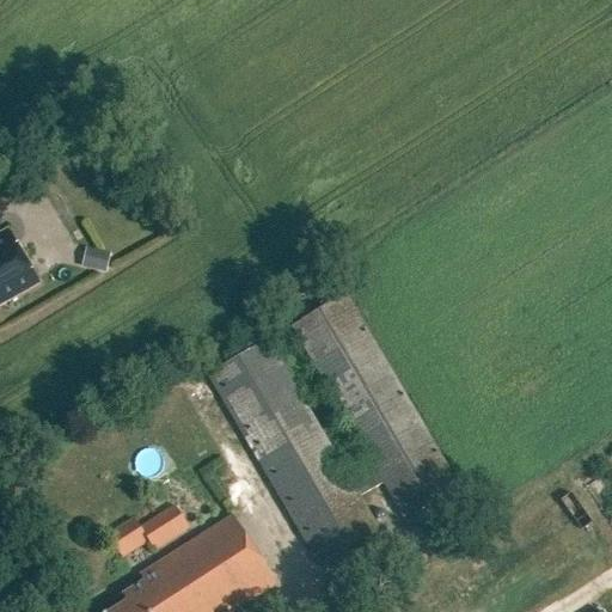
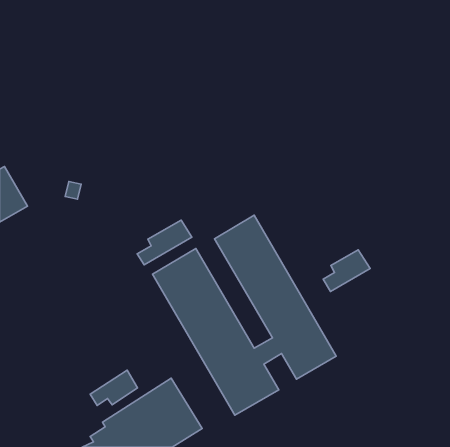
building: none -> [137,220,192,265]
building: none -> [323,250,370,292]

